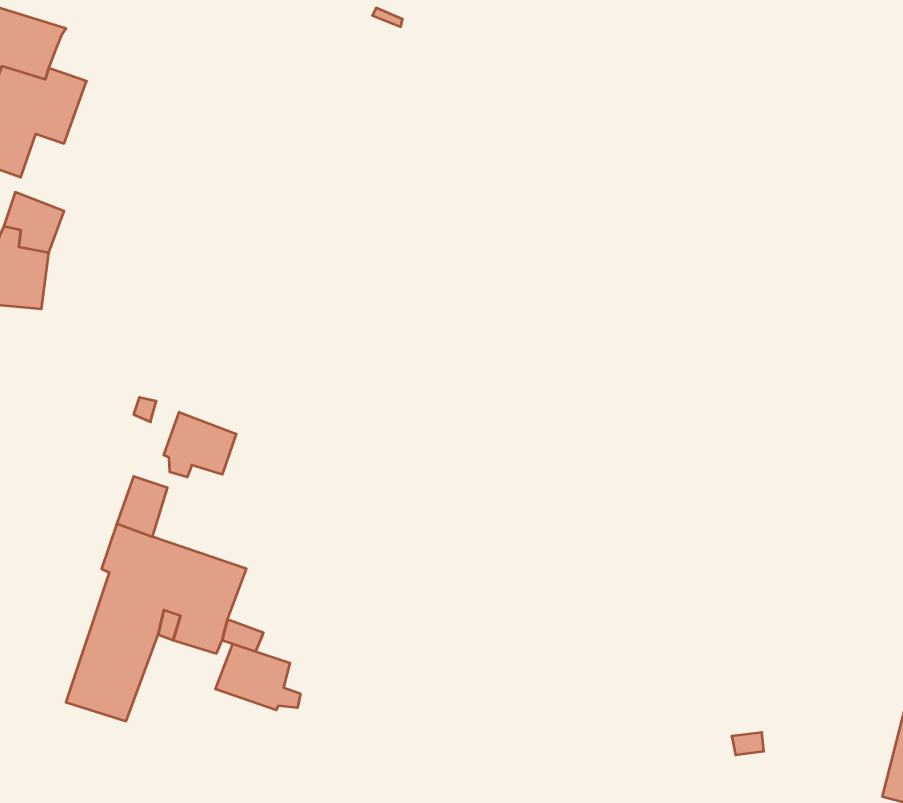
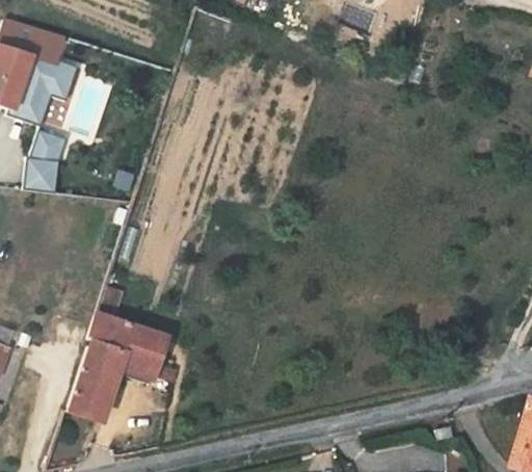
building: [164,412,236,477] -> none
building: [216,644,300,710] -> none

